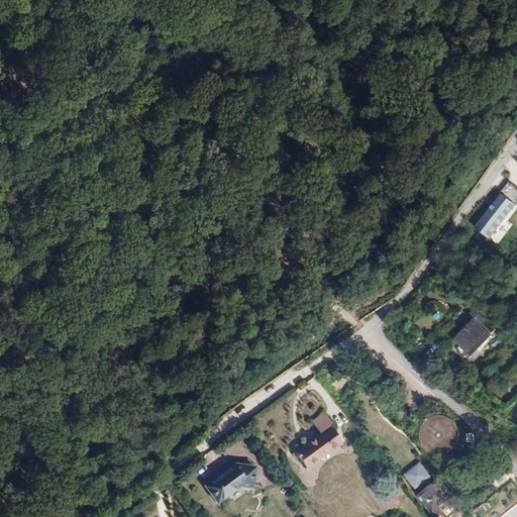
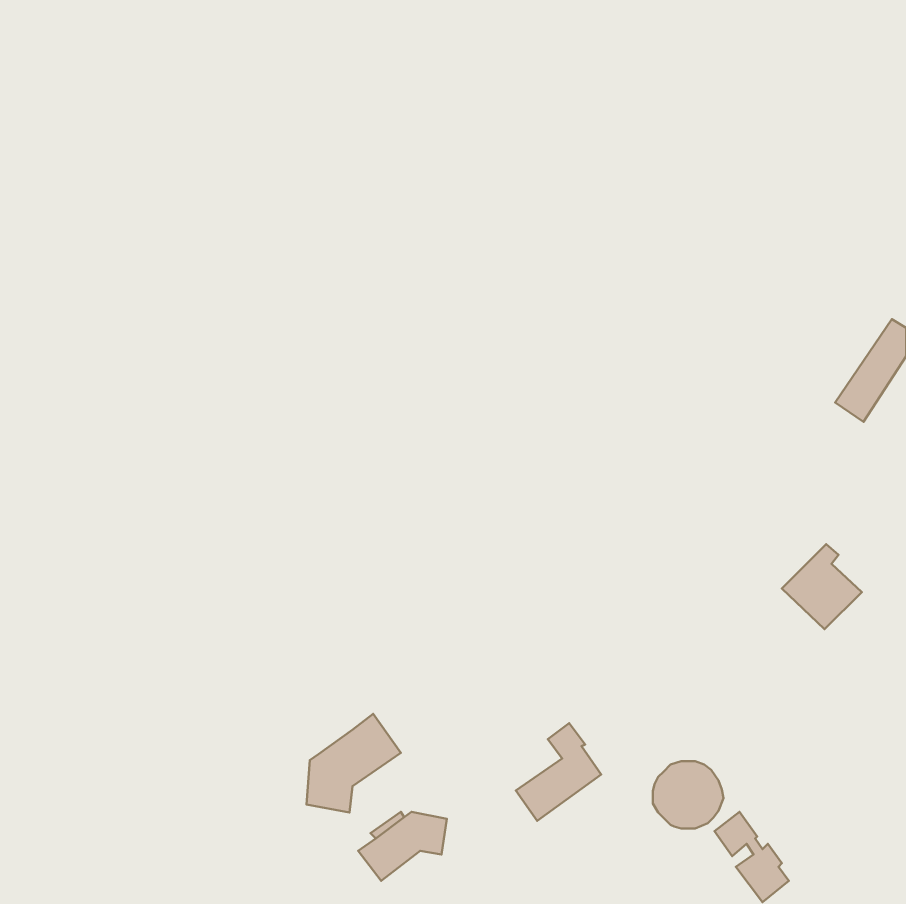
building: none -> [306,714,401,812]
building: [420,415,460,453] -> [653,761,724,828]

